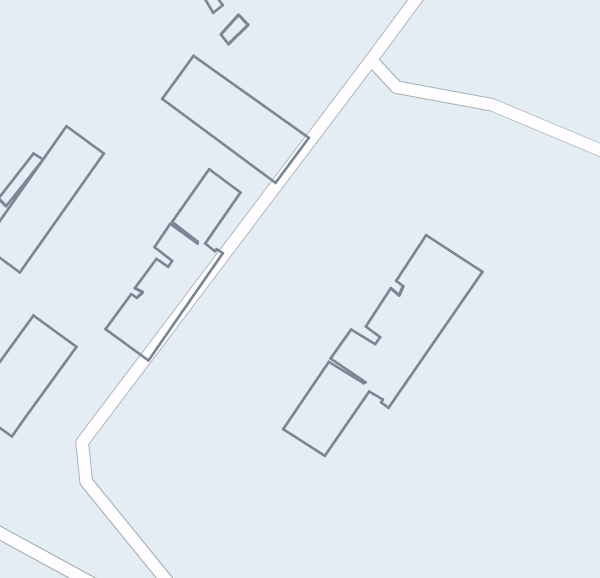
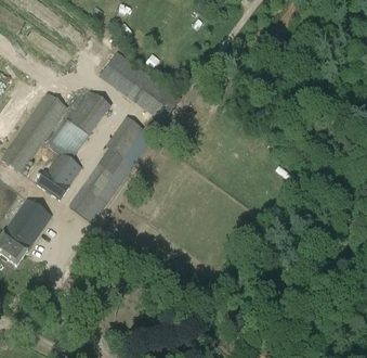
building: none -> [37,89,110,200]
building: [283,235,482,456] -> none

